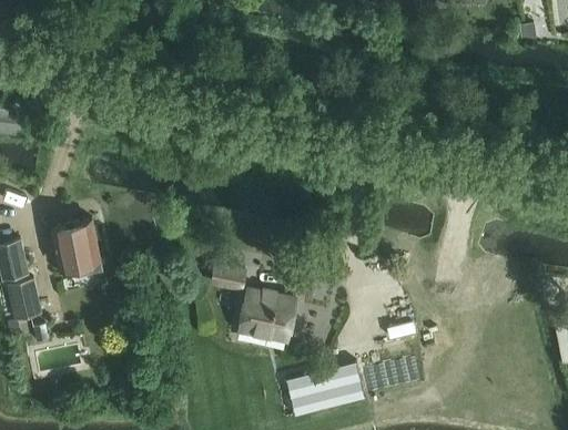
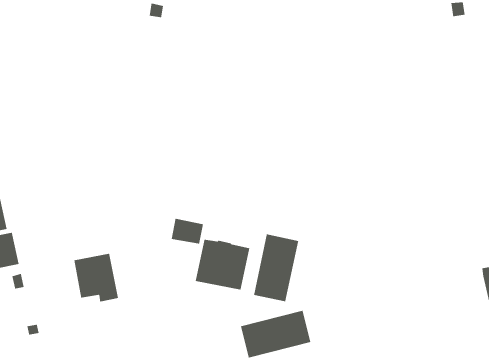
building: [52,219,102,274] -> [74,253,119,302]
building: none -> [253,234,299,302]

